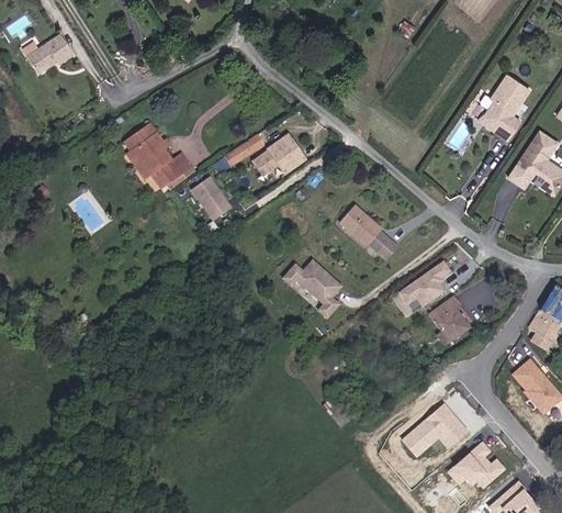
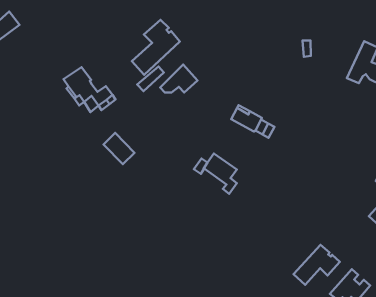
building: none -> [132,20,180,75]
building: [474,79,525,145] -> none
building: [190,176,231,220] -> [104,133,135,164]
building: [397,261,450,304] -> none
building: [427,292,468,339] -> none

